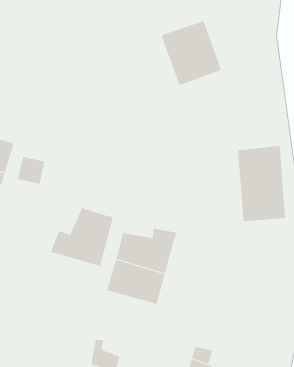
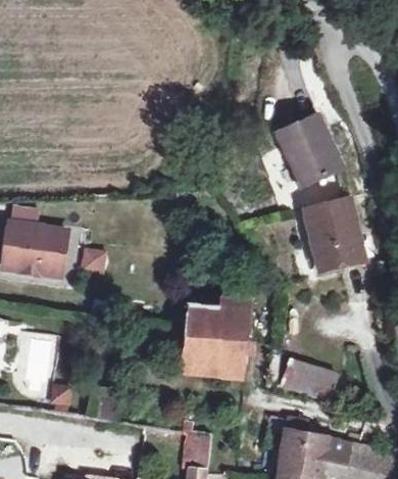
building: [161,21,222,86] -> [268,118,337,190]
building: [50,207,114,267] -> none
building: none -> [277,361,334,399]

